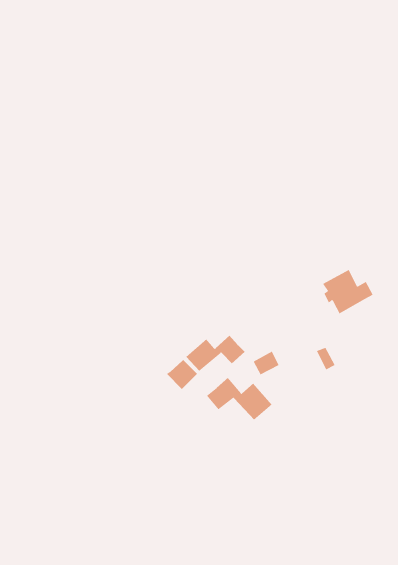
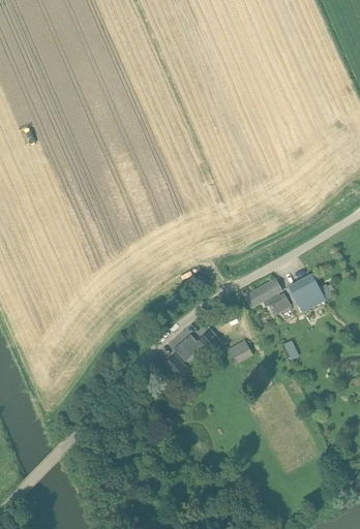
building: none -> [245,284,291,314]
building: [206,377,273,420] -> none

